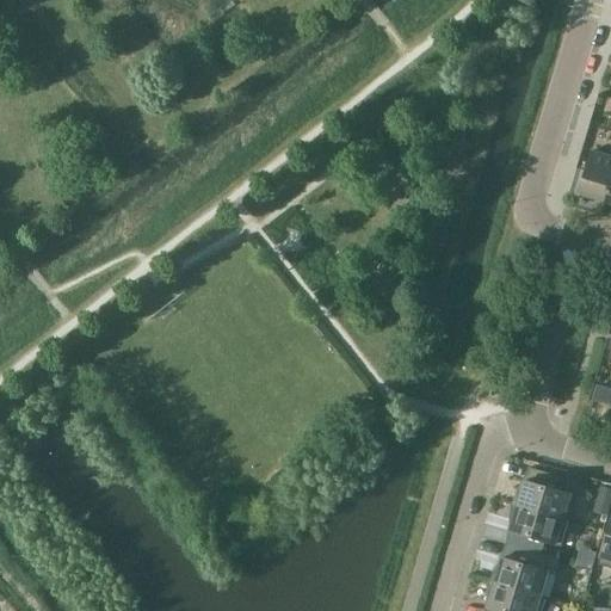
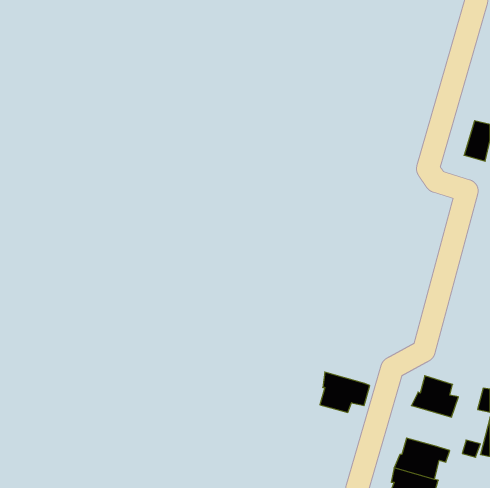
building: [506,507,568,557] -> [320,372,370,412]

